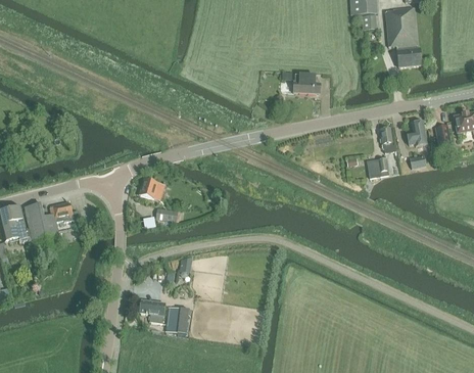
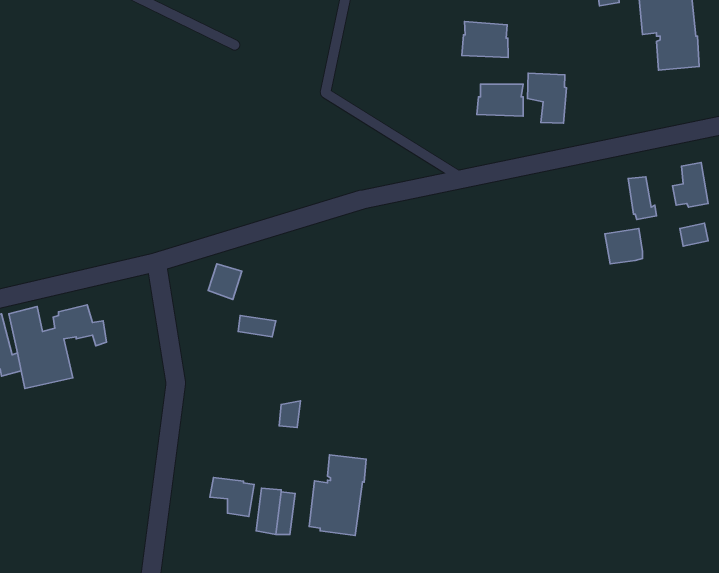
building: none -> [462,22,508,57]
building: none -> [527,73,566,123]
building: none -> [309,455,366,535]

